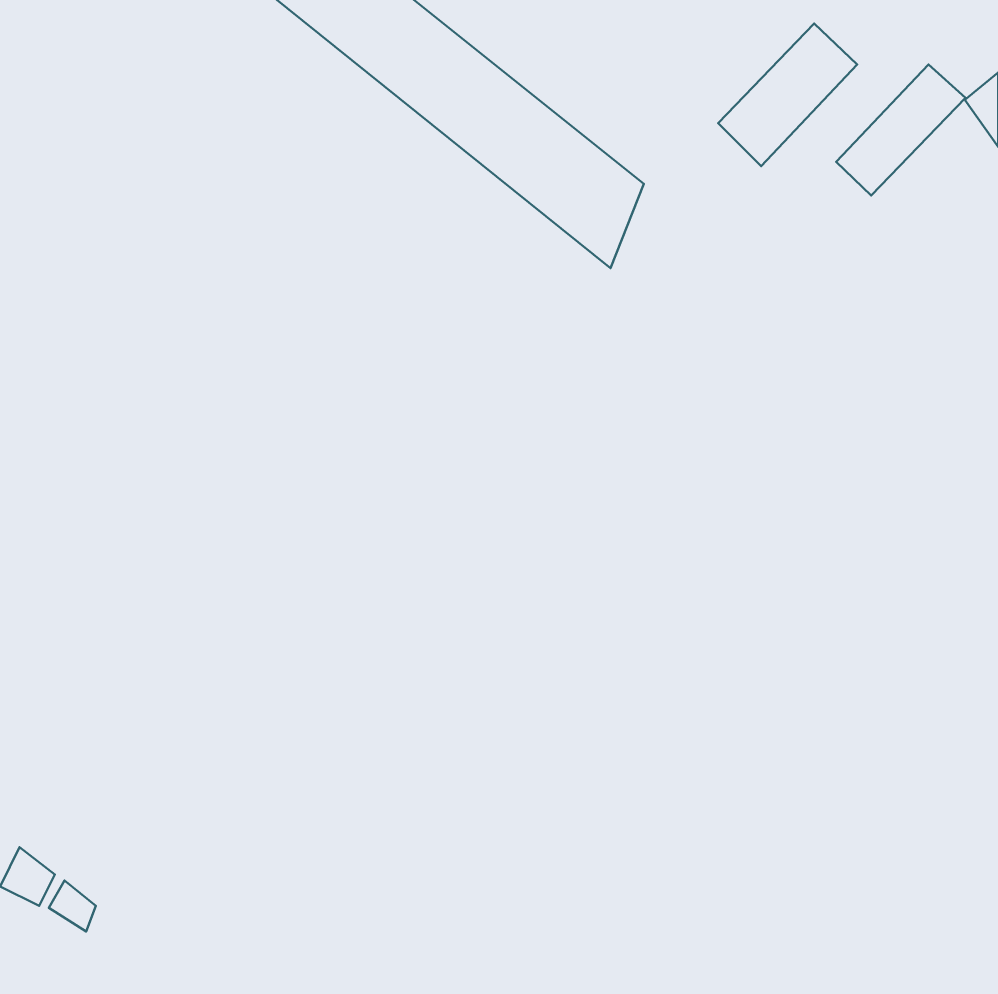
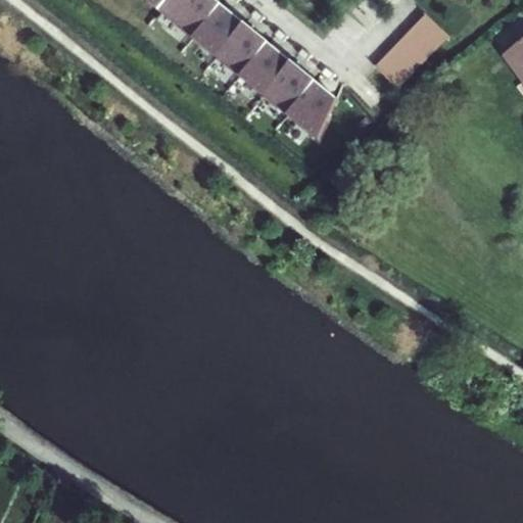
building: [836,64,965,195] -> none

